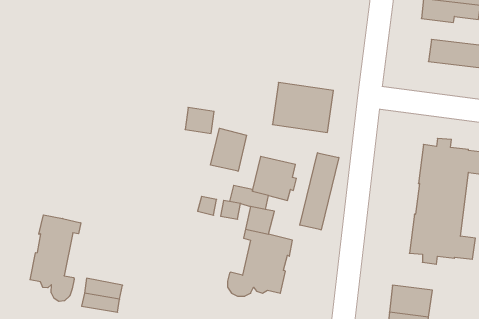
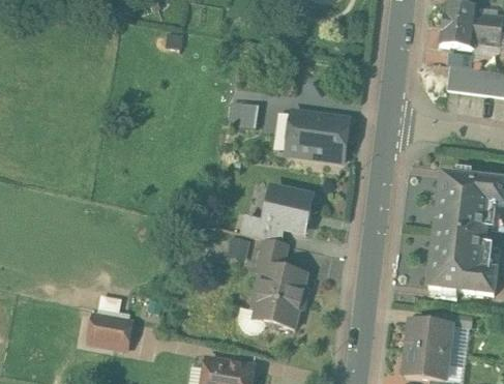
building: [185,107,214,133] -> [228,100,258,127]
building: [211,128,247,171] -> none
building: [300,153,339,230] -> none
building: [30,215,81,301] -> none

